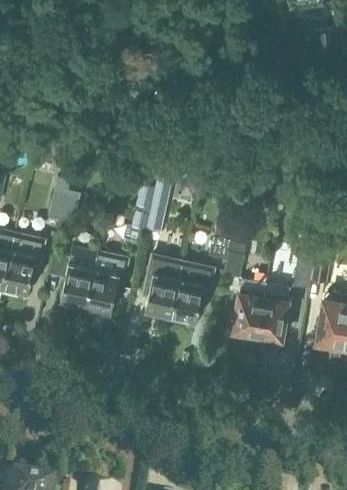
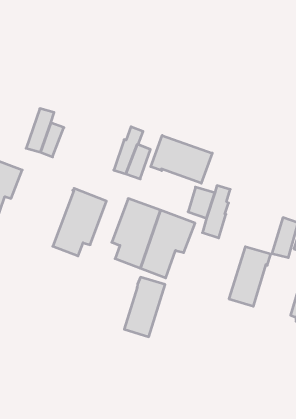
building: none -> [151,135,212,183]
building: [60,246,98,307] -> none
building: [233,280,266,335] -> [124,277,165,337]

